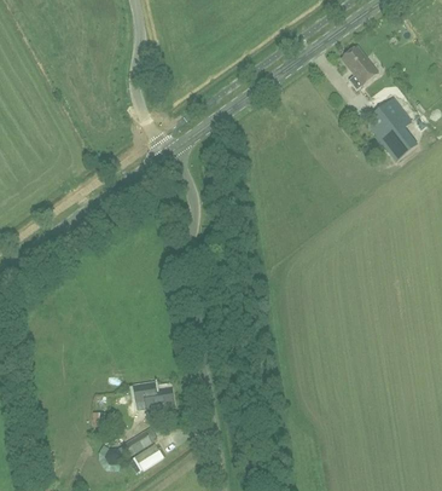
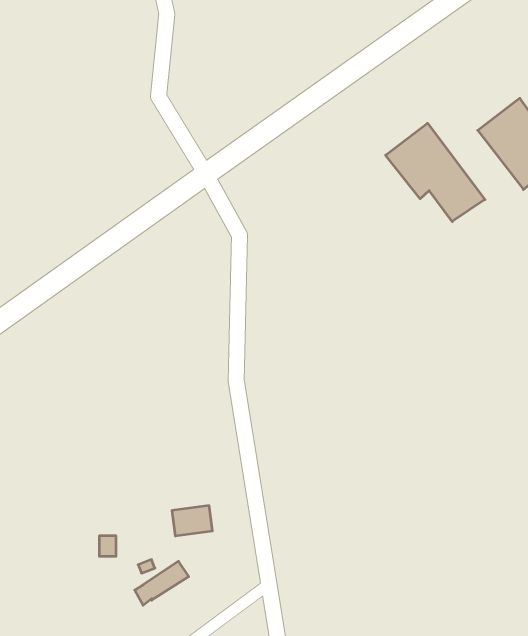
building: [342,46,378,88] -> none
building: none -> [386,123,485,222]

